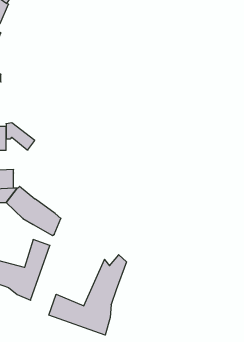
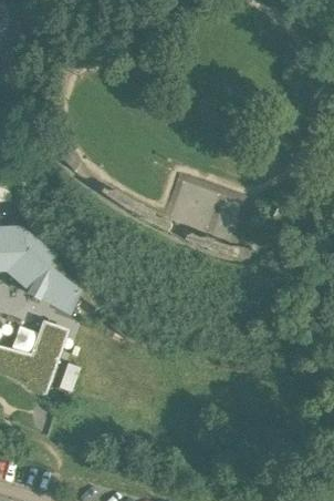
building: [6,123,35,150] -> [19,229,56,265]
building: [49,255,127,335] -> none

